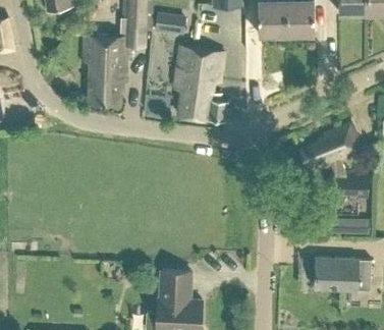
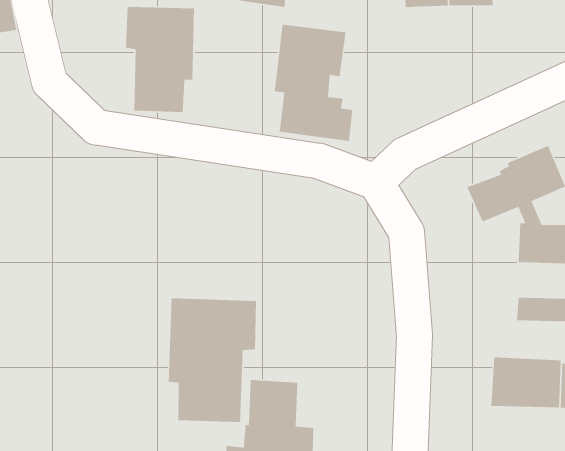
building: none -> [168,297,257,423]

